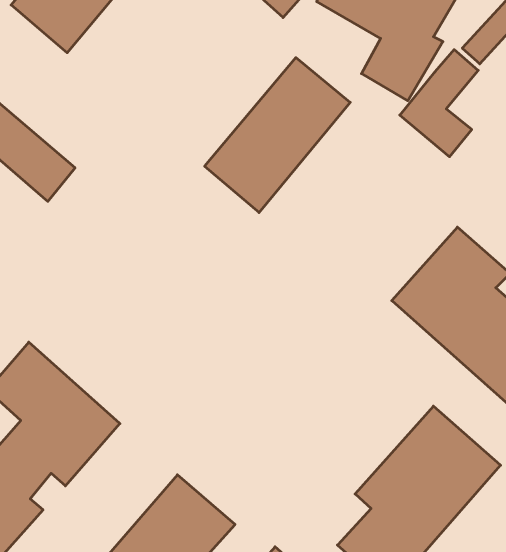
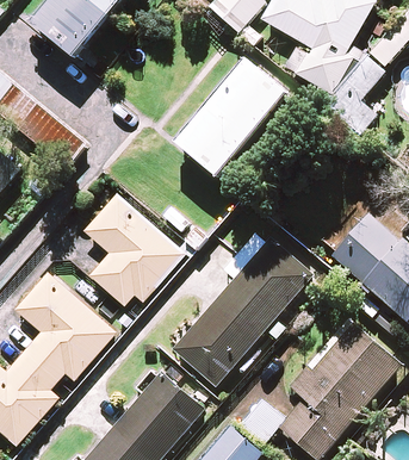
building: none -> [85,194,184,304]
building: none -> [173,230,310,385]

